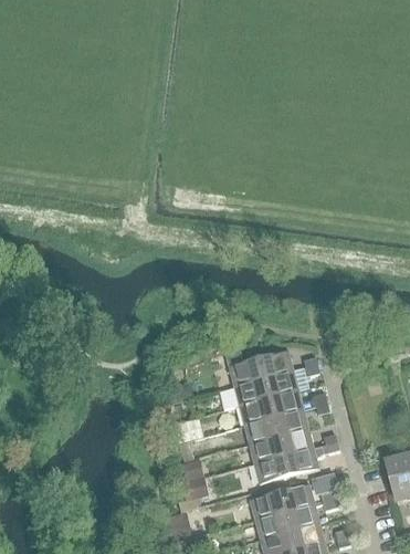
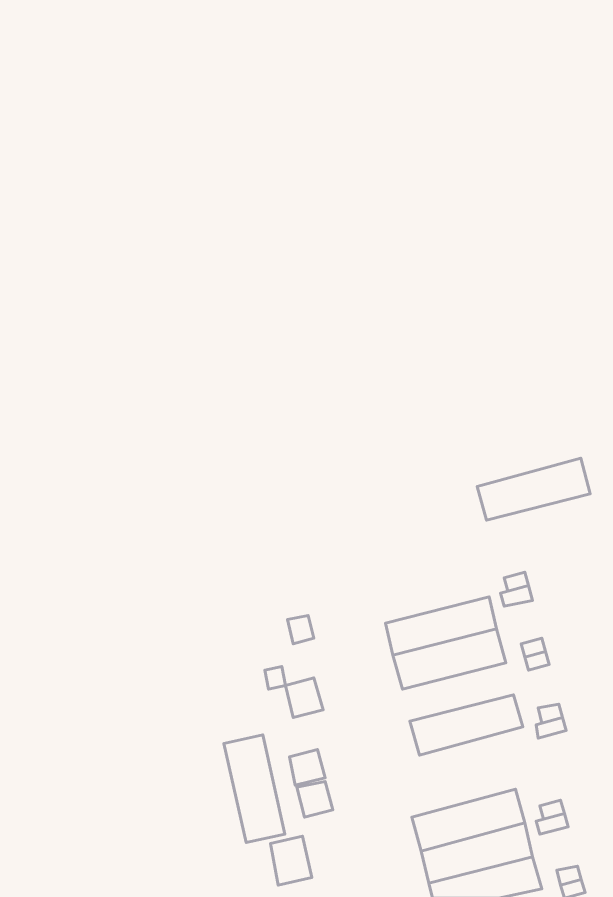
building: [228,348,294,385] -> [477,458,590,520]
building: [243,408,308,442] -> none
building: [253,446,318,482] -> none
building: none -> [224,735,285,843]

